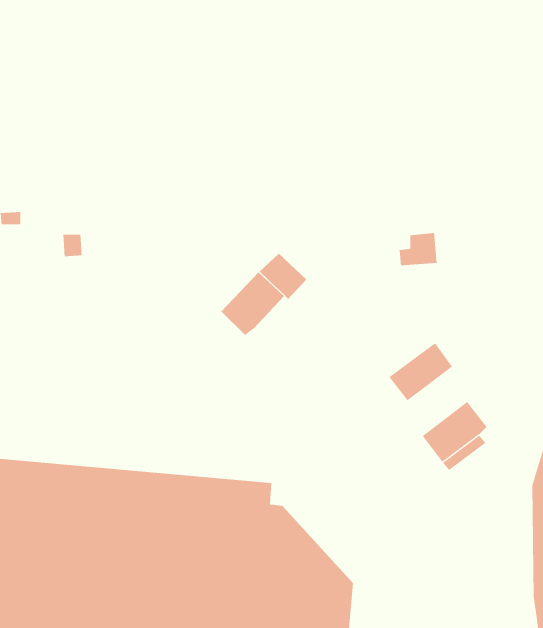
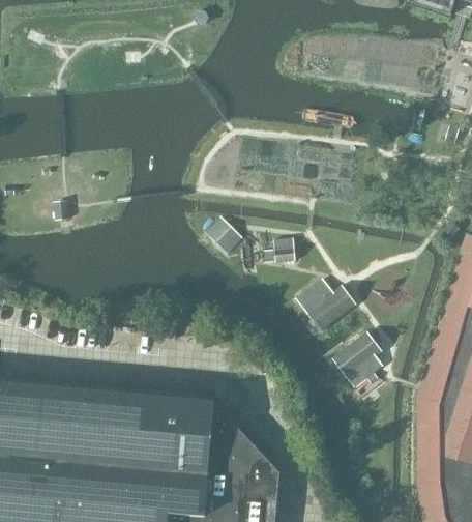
building: [399,232,437,266] -> [267,239,297,265]
building: [220,272,285,336] -> none
building: none -> [296,280,335,315]

